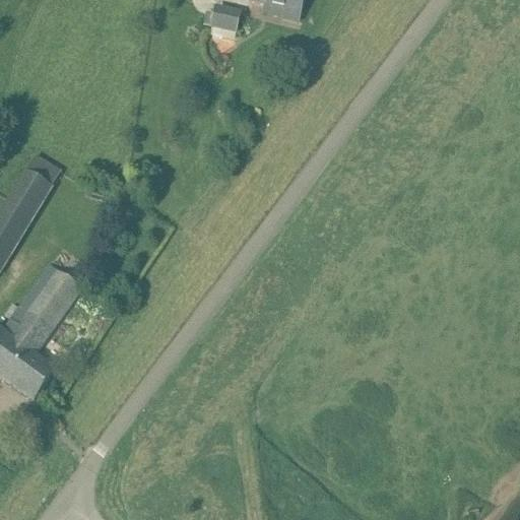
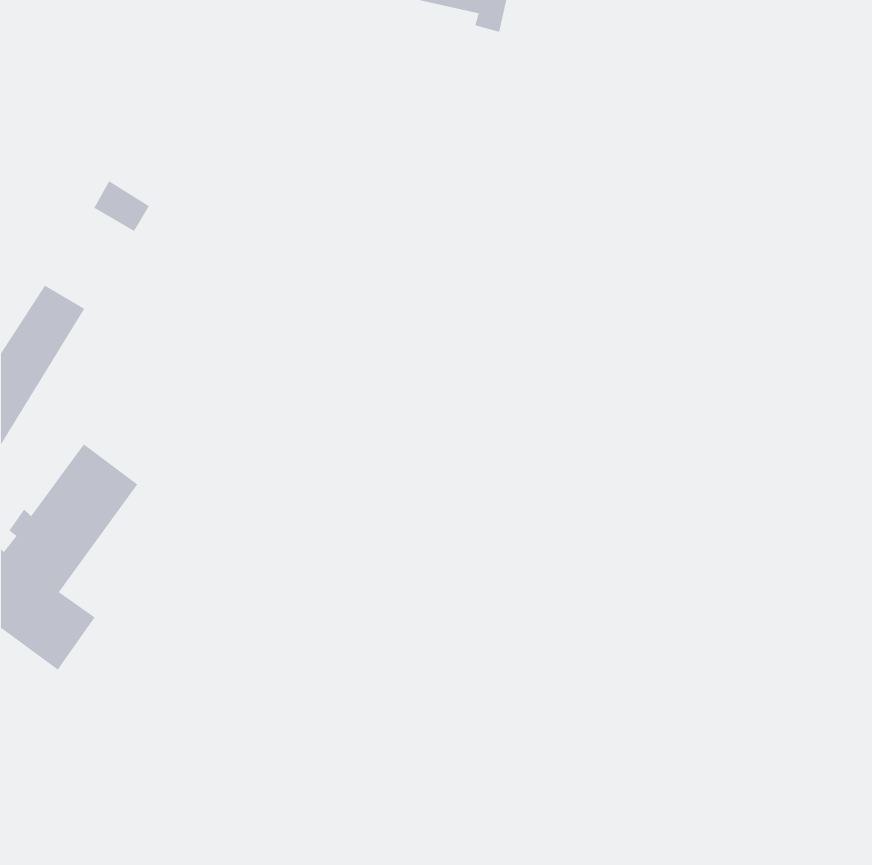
building: [210,4,241,31] -> none
building: [26,153,60,184] -> [94,181,150,232]

